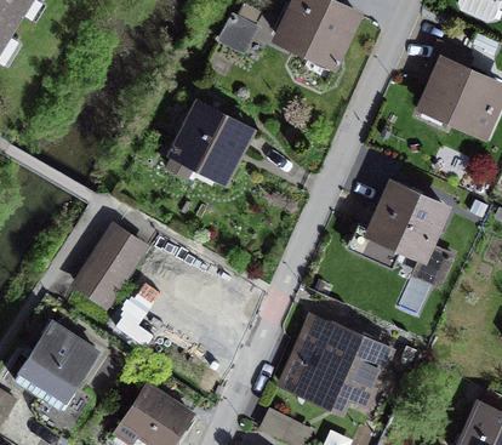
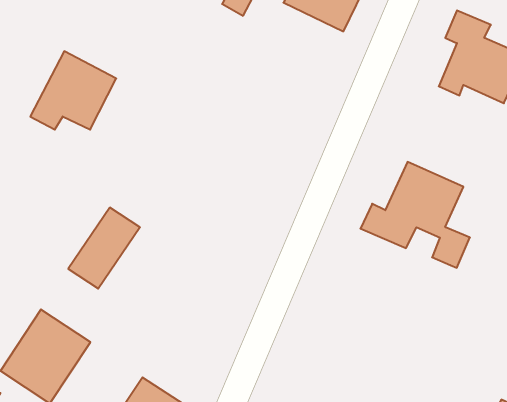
building: [169,104,249,177] -> [30,51,116,130]
building: [281,321,387,398] -> none

